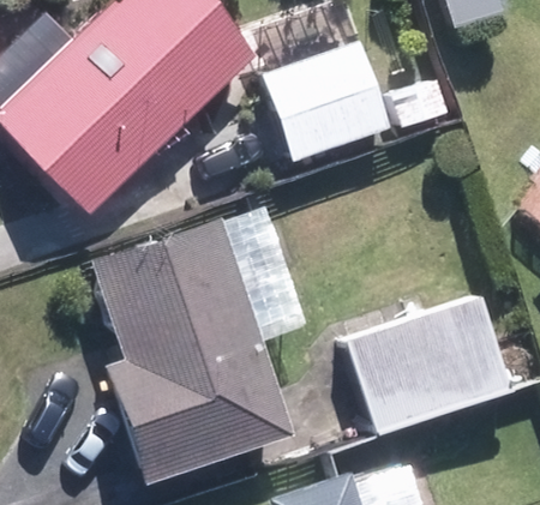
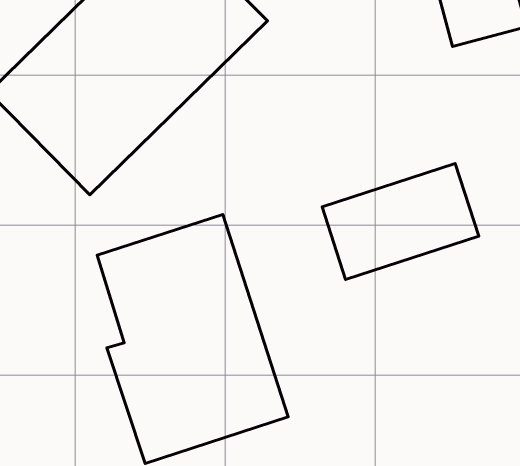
building: [268,36,391,162] -> none
building: [348,307,500,420] -> [322,164,479,279]

